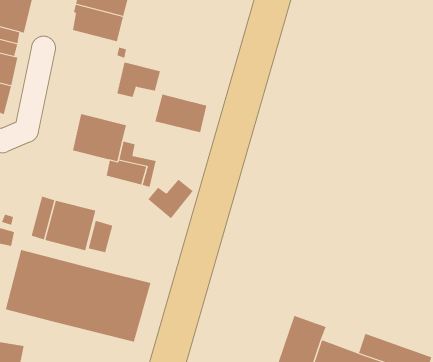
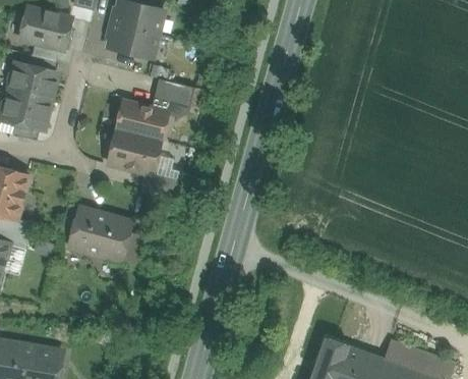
building: [154,94,207,133] -> [117,101,168,139]
building: [148,179,194,219] -> none
building: [5,249,151,343] -> none

